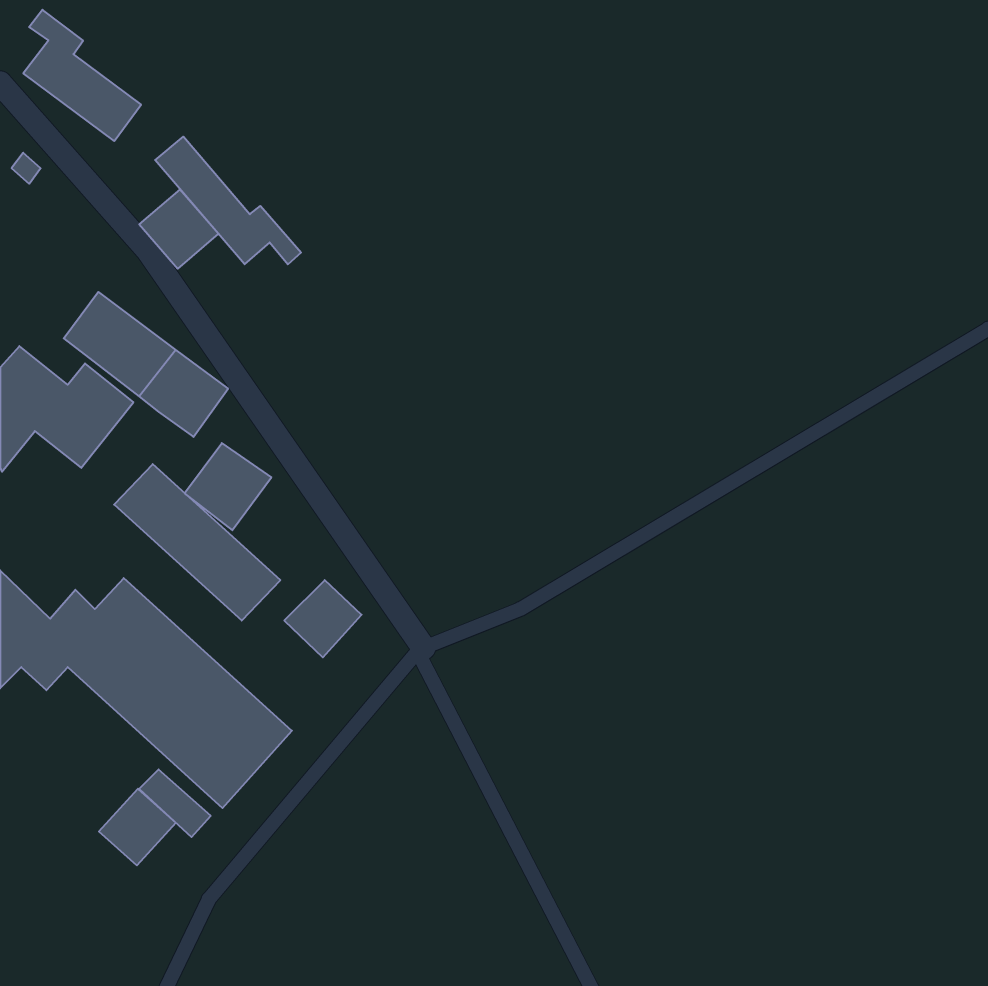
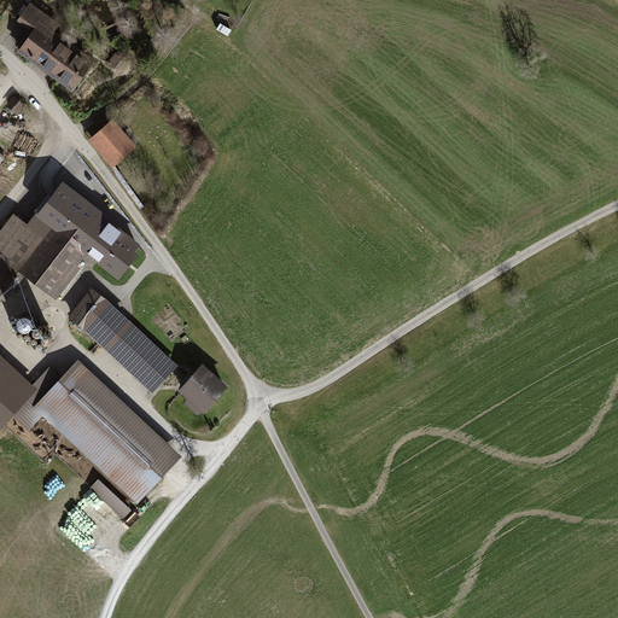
building: [155,137,301,264] -> none
building: [185,443,271,530] -> none
building: [99,789,176,865] -> none

